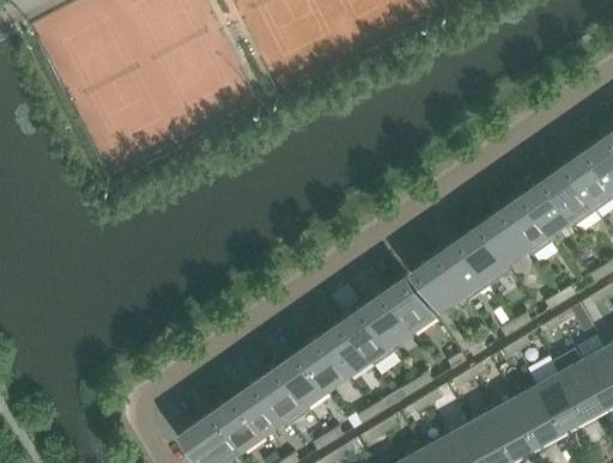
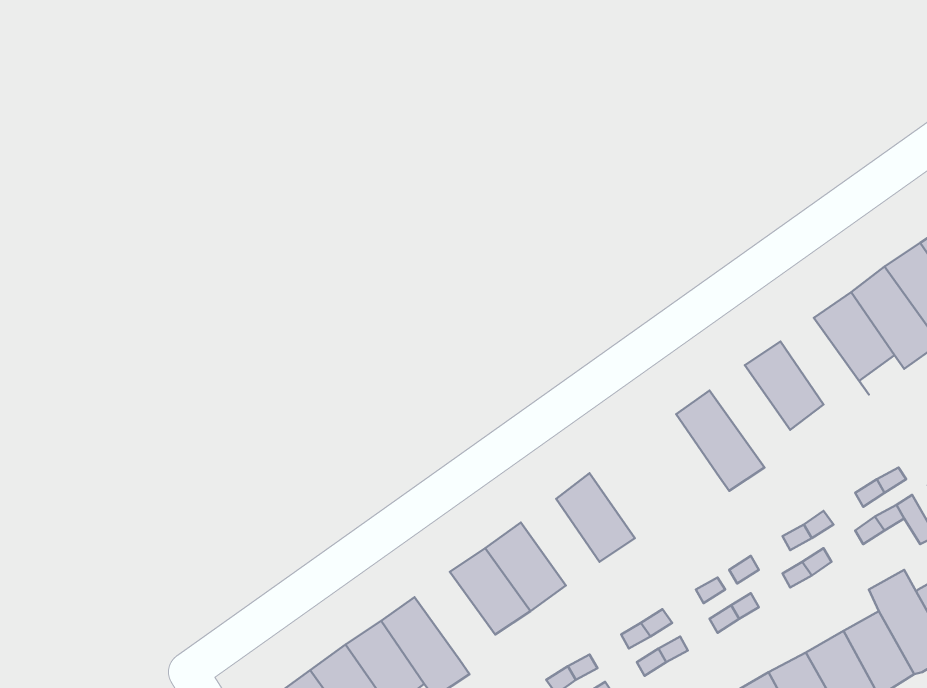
building: [500,196,554,257] -> none
building: [457,225,511,287] -> none
building: [414,255,463,309] -> none
building: [384,275,435,330] -> none
building: [342,306,396,367] -> none
building: [278,351,327,404] -> none

